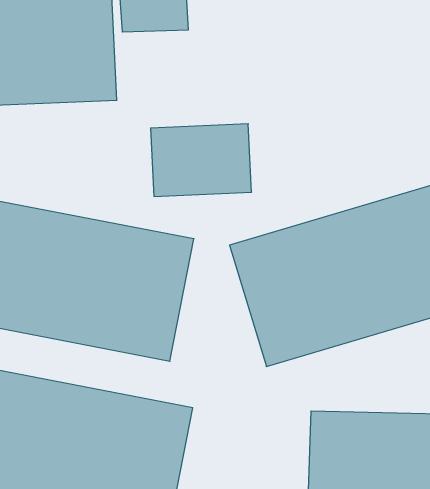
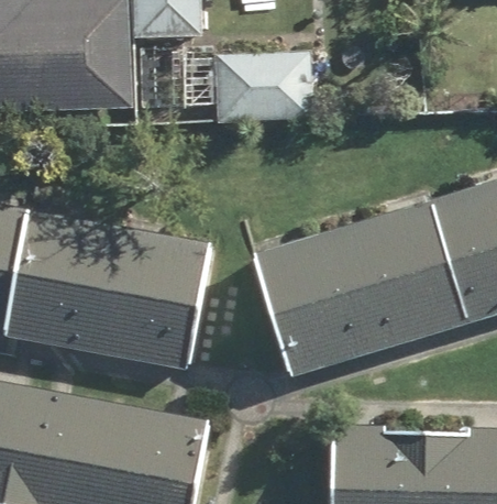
building: [151,124,252,196] -> [213,50,316,123]

